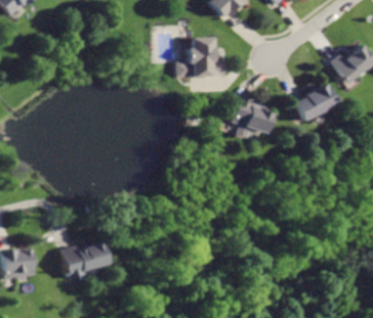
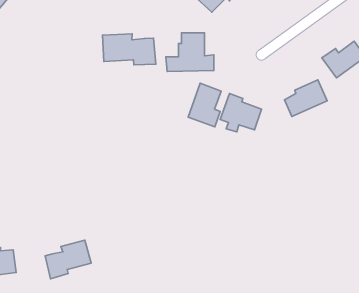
building: none -> [103,34,156,65]
building: none -> [188,83,221,127]

